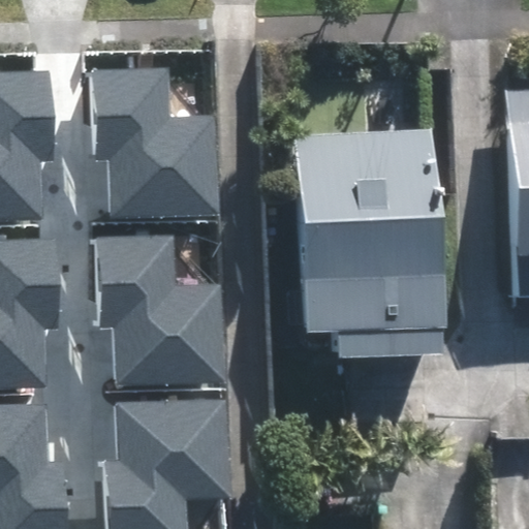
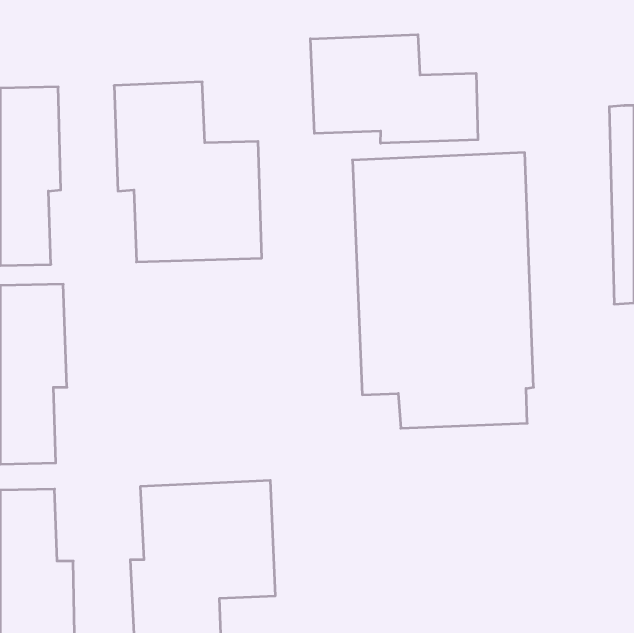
building: none -> [310,35,478,143]
building: [97,241,221,391] -> none

